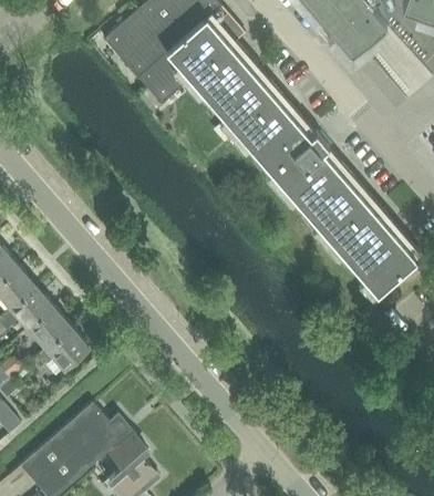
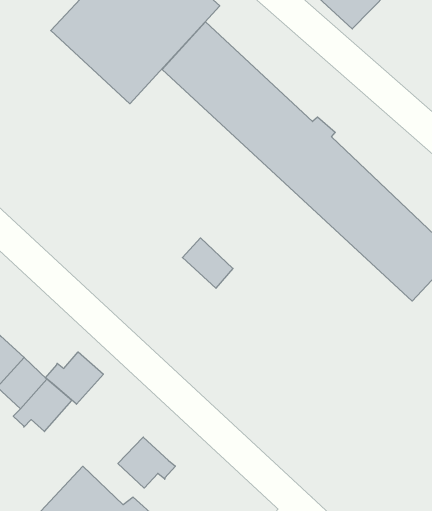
building: none -> [182,238,233,288]
building: none -> [45,352,103,404]
building: none -> [118,437,175,488]

